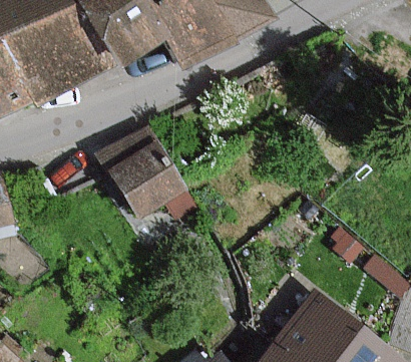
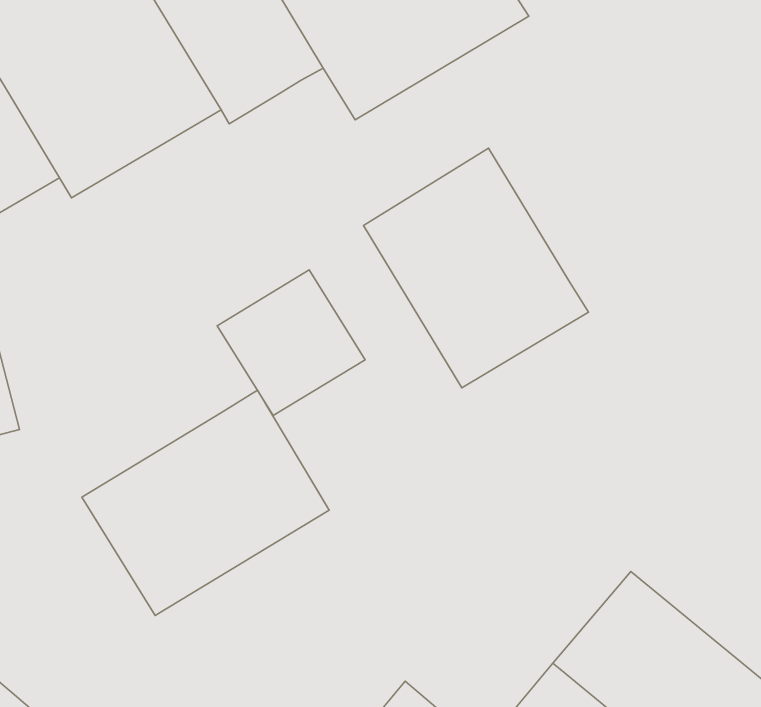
building: none -> [363,148,588,388]
building: none -> [82,390,329,615]

